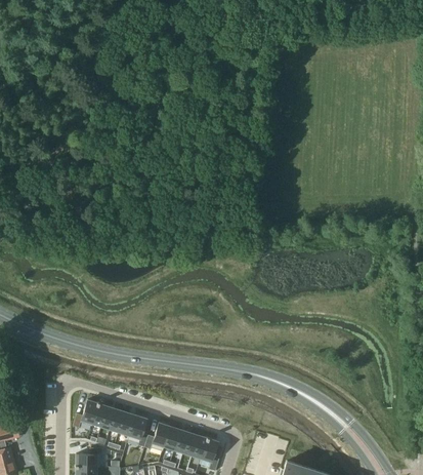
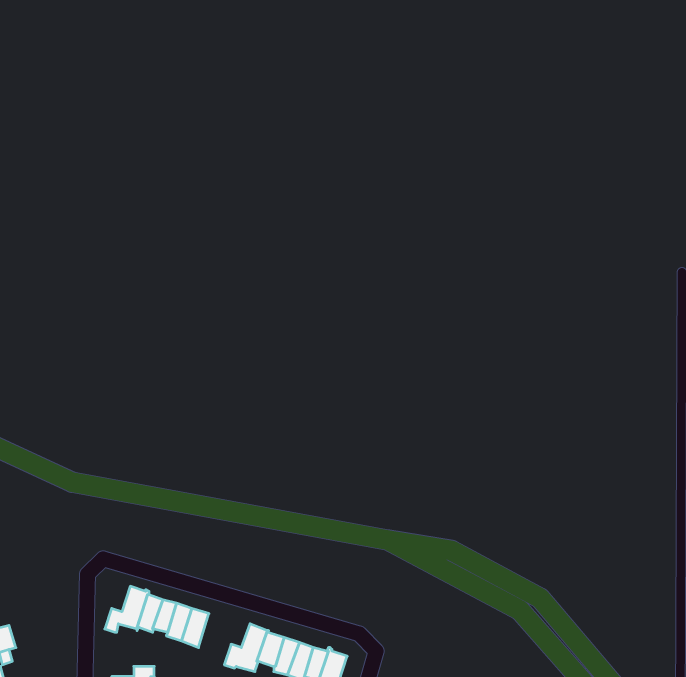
building: [128,414,149,446] -> none

